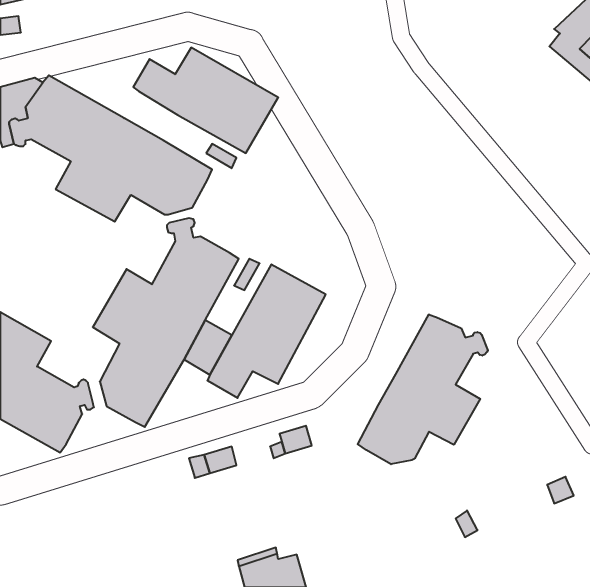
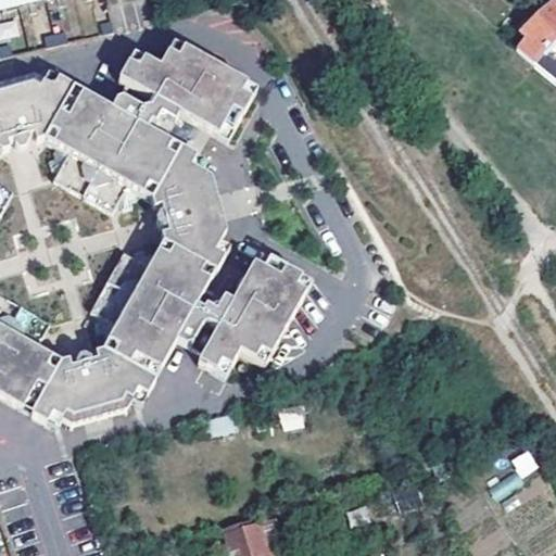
building: none -> [118,86,168,131]
building: none -> [160,168,223,237]
building: [358,314,488,464] -> none
building: none -> [64,357,129,421]

